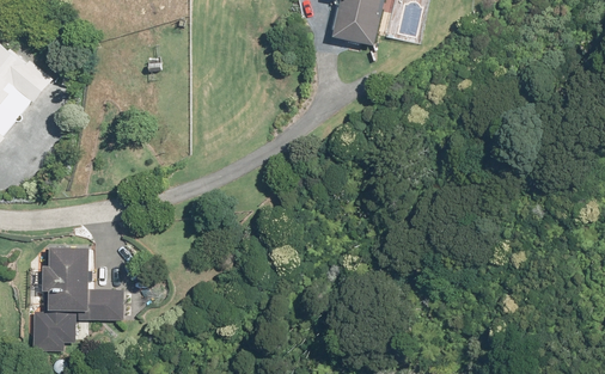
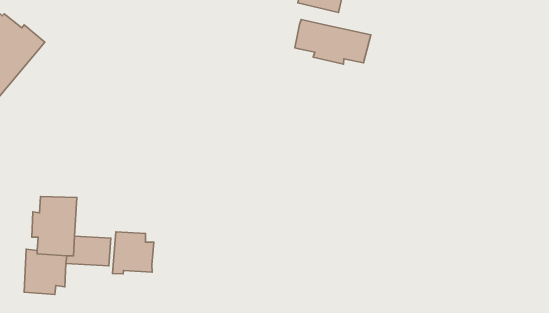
building: none -> [295,19,371,64]
building: none -> [113,232,154,274]

